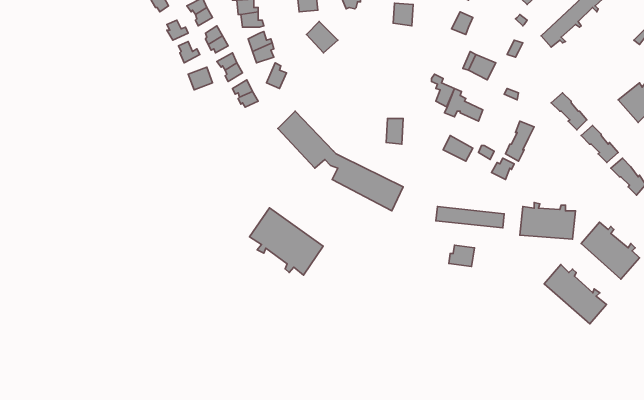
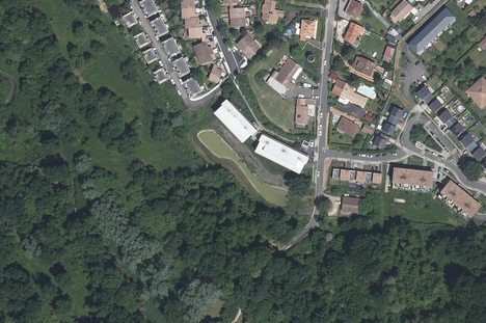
building: none -> [268,57,299,90]
building: [250,208,323,275] -> none
building: [544,264,606,324] -> none

